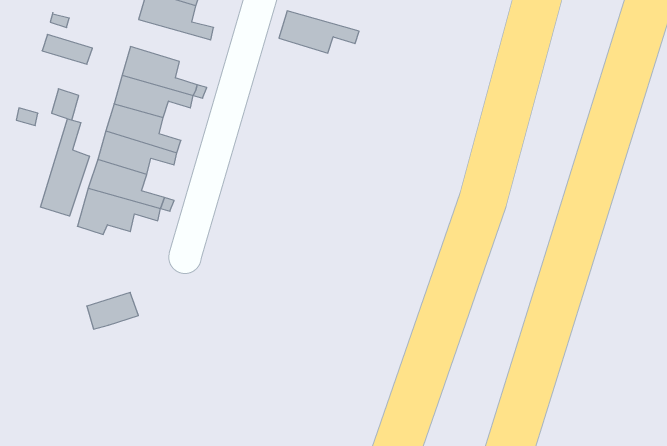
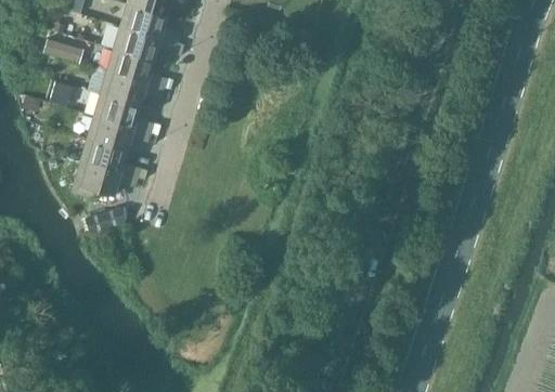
building: [279,11,359,53] -> [113,26,177,60]
building: [41,119,89,216] -> none
building: [87,292,138,329] -> [85,207,126,236]

